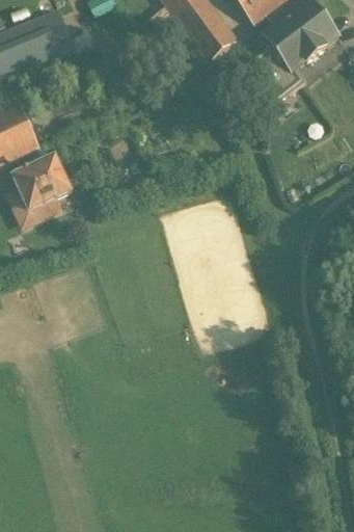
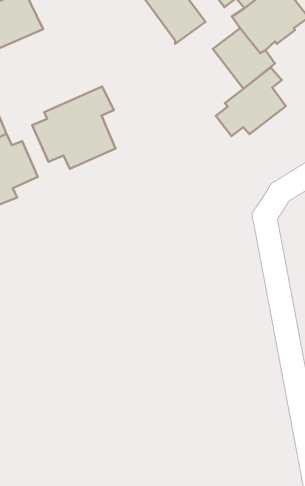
building: none -> [216,68,286,136]
building: none -> [32,87,116,169]

